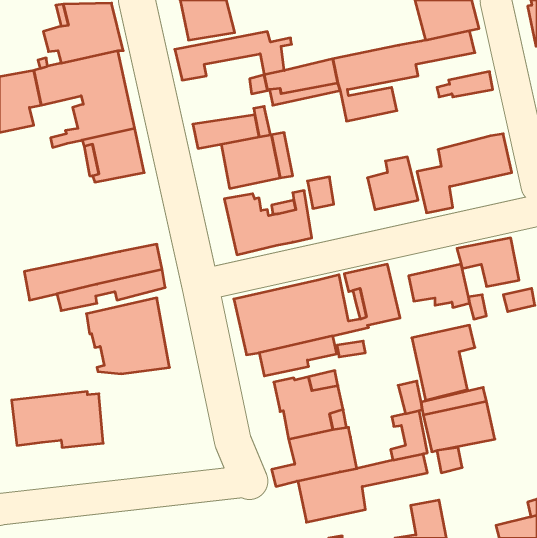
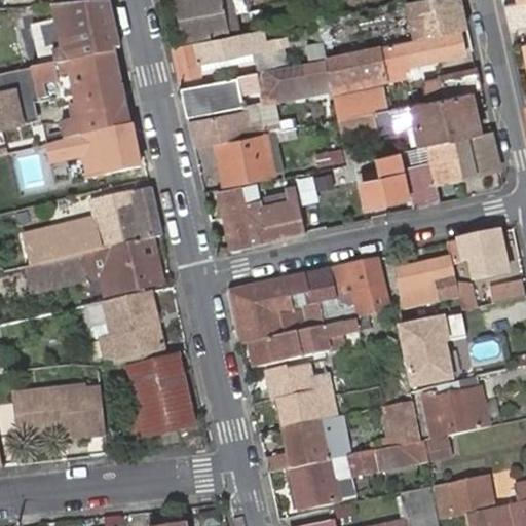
building: none -> [181,78,246,116]
building: none -> [338,91,479,147]
building: none -> [25,187,161,262]
building: none -> [118,355,193,439]
building: none -> [435,478,492,521]

